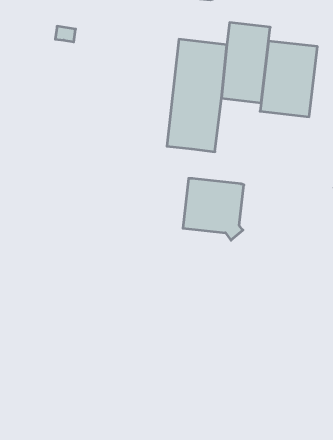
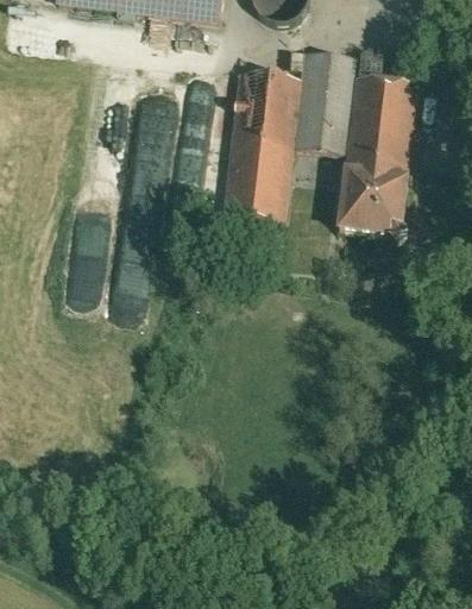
building: [183,178,244,240] -> [333,162,411,241]

